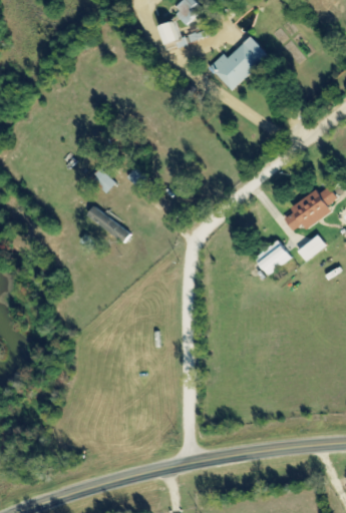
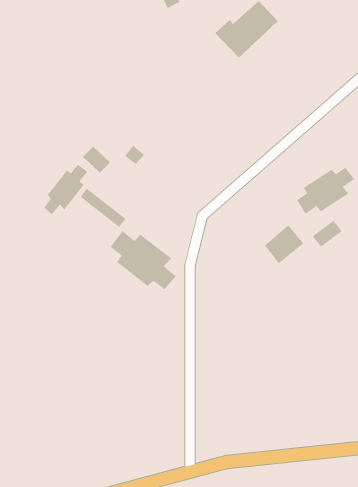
building: none -> [43,164,88,215]
building: none -> [110,230,177,290]

